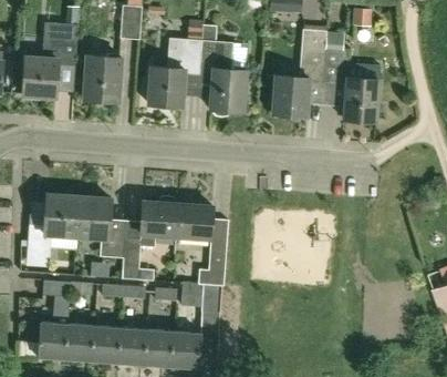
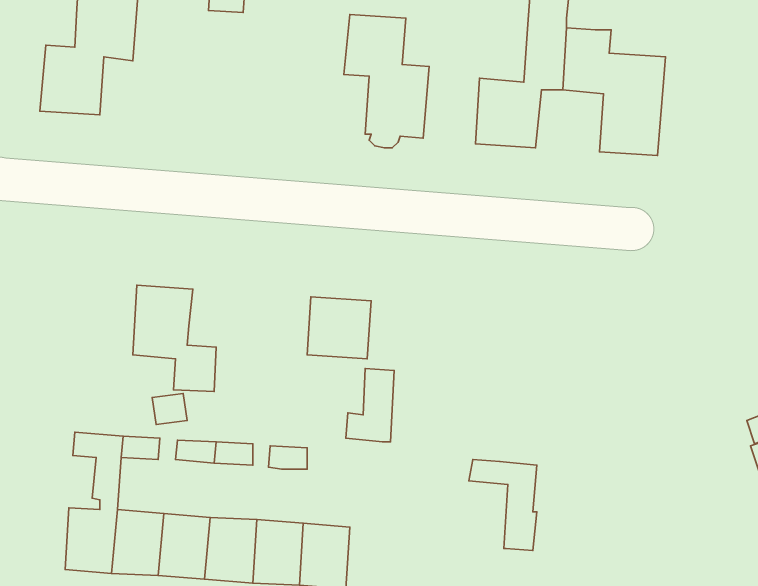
building: [147,38,200,106] -> none
building: [84,55,122,102] -> none
building: [25,193,79,273] -> none
building: [122,195,178,279] -> none
building: [180,282,219,334] -> [469,459,537,550]

